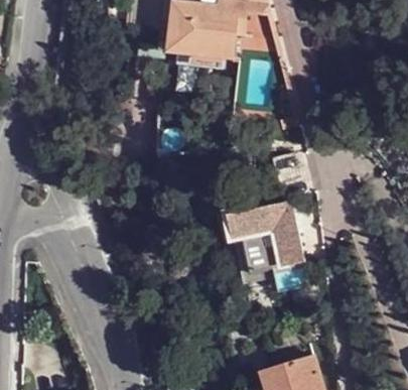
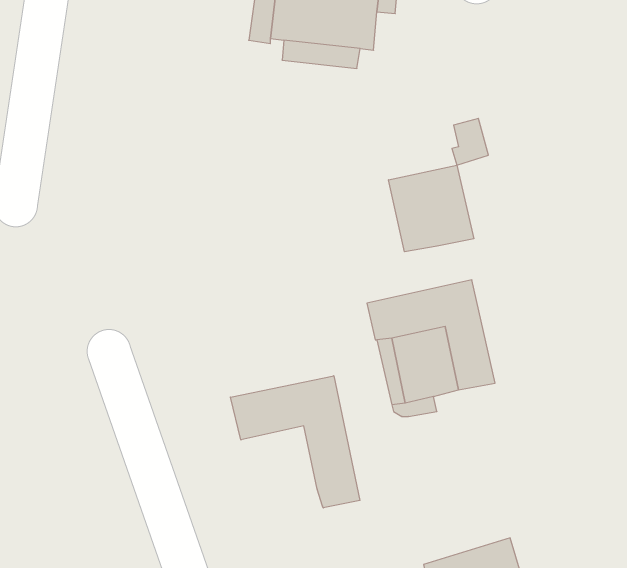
building: none -> [389,165,474,252]
building: none -> [230,376,360,508]

